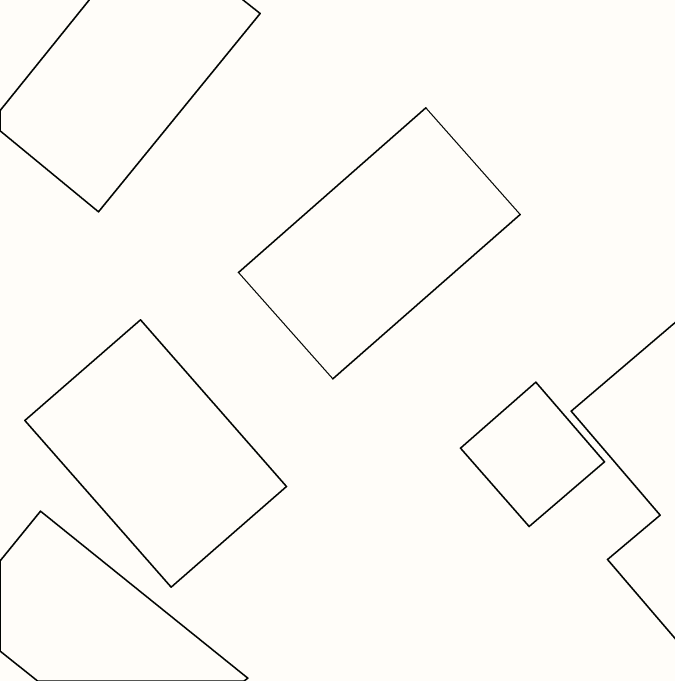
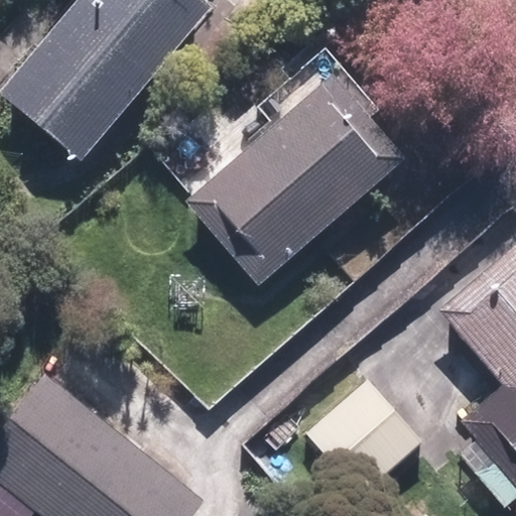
building: [25,320,287,587] -> none
building: [460,382,605,527] -> [317,379,425,487]

